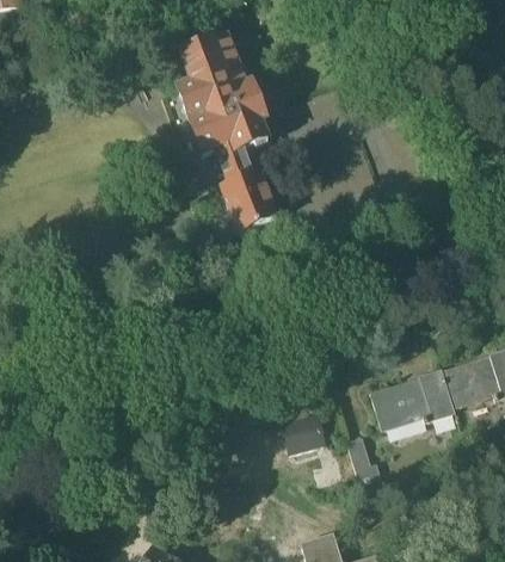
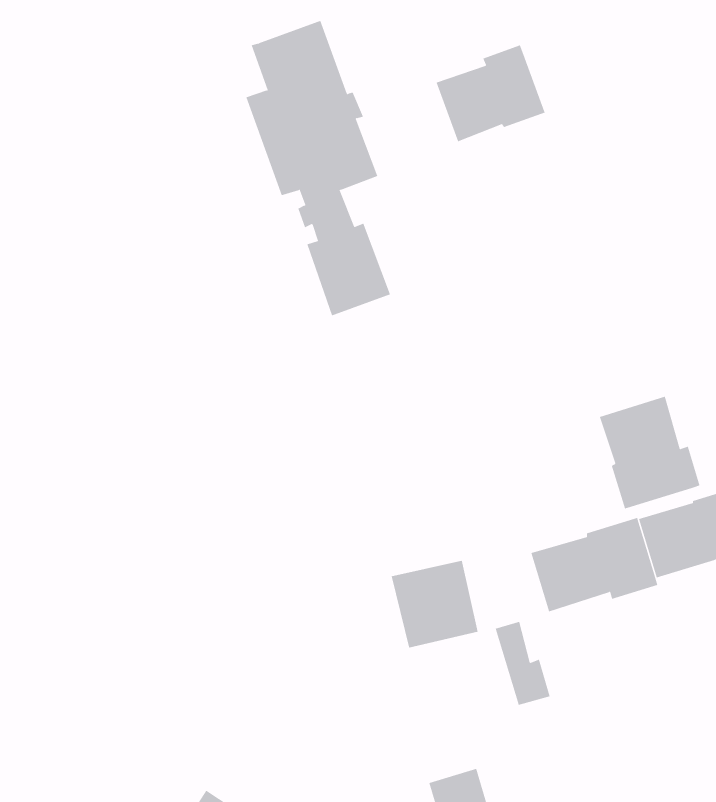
building: none -> [436,44,546,142]
building: none -> [599,396,700,510]

